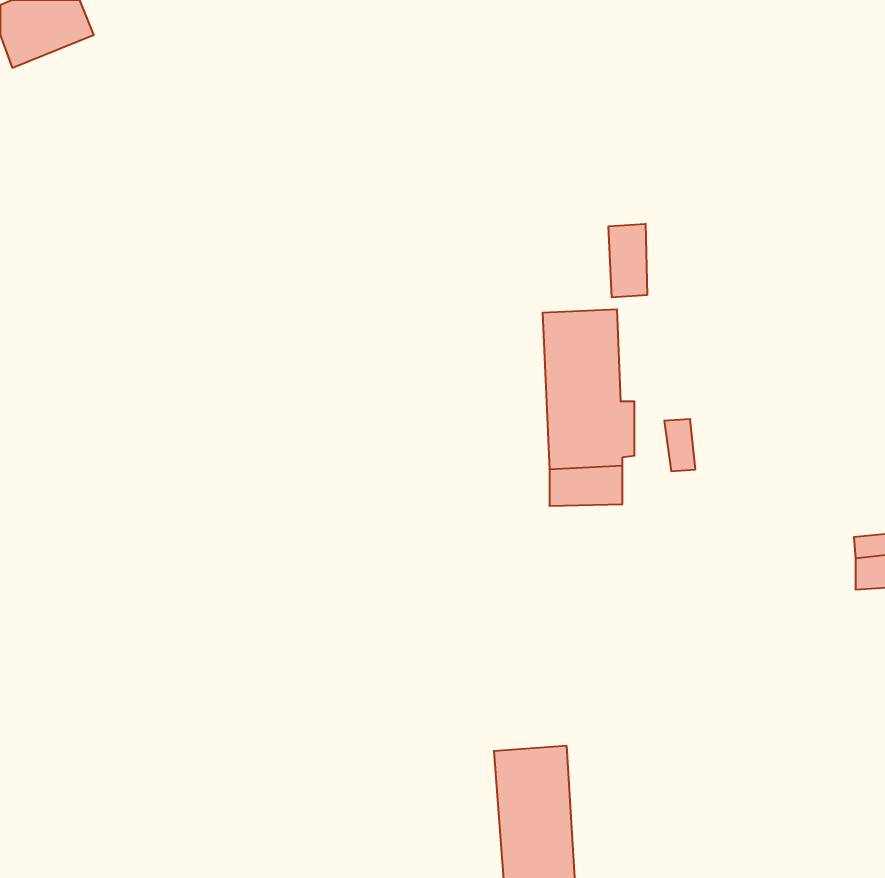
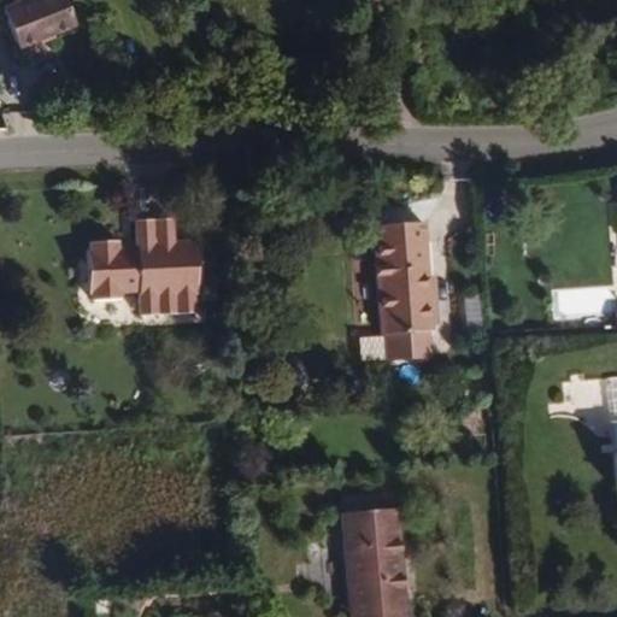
building: [609,224,647,297] -> none
building: none -> [87,217,204,312]

